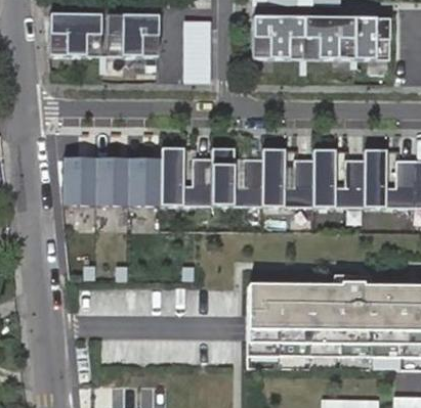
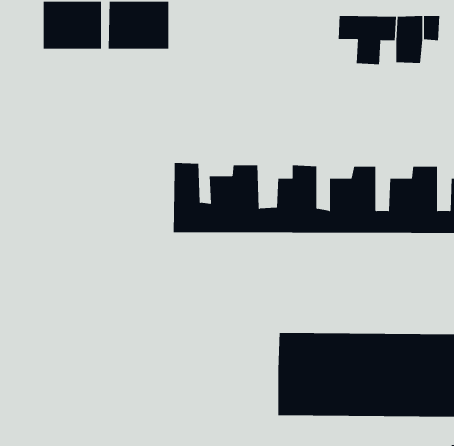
building: [185,17,214,78] -> none
building: [251,20,301,63] -> none
building: [66,154,161,207] -> none

